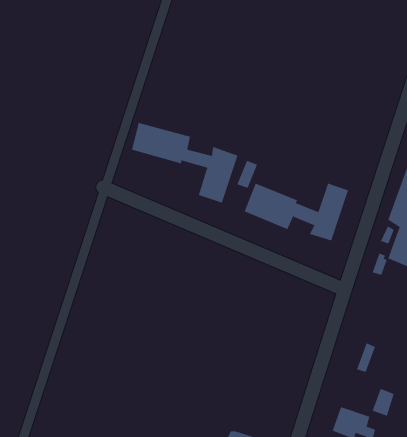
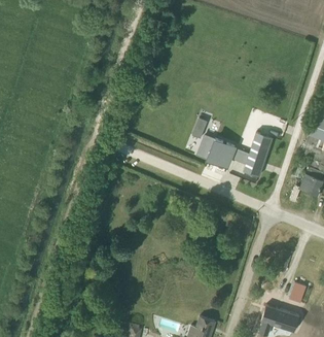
building: [131,122,238,203] -> none

